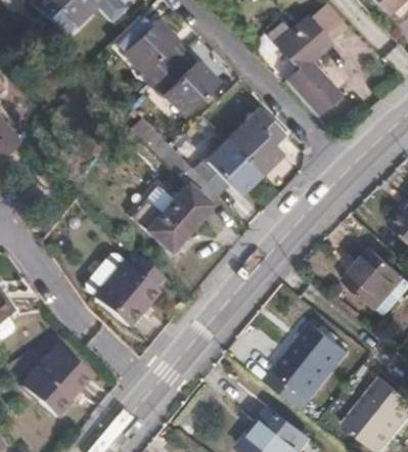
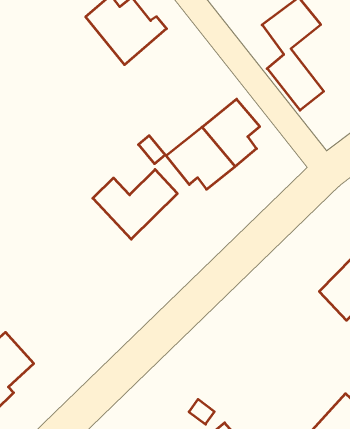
building: [150,51,213,119] -> none
building: [92,252,164,324] -> none
building: [267,320,350,408] -> none

